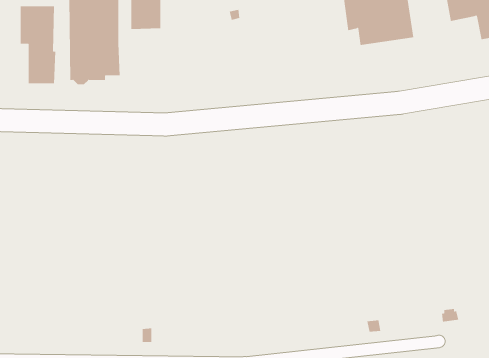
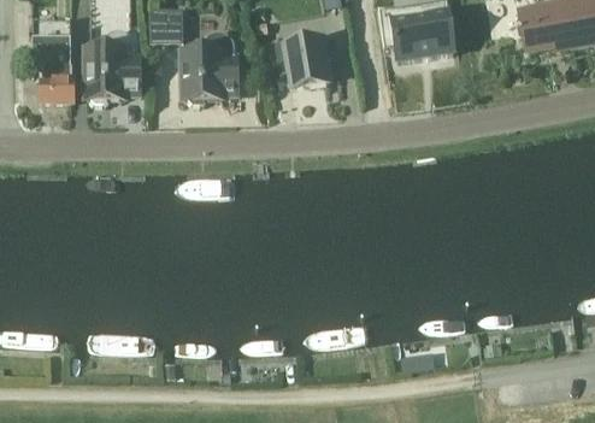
building: none -> [183,34,238,104]
building: none -> [276,42,330,89]

